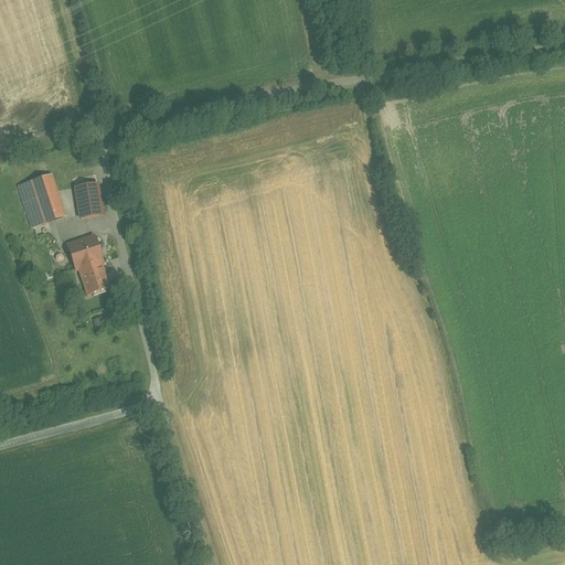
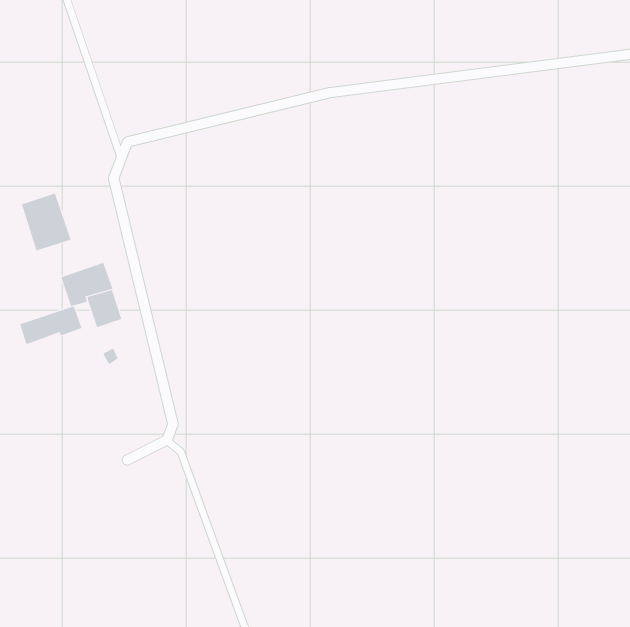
building: [74,180,102,215] -> none
building: none -> [20,306,82,345]

